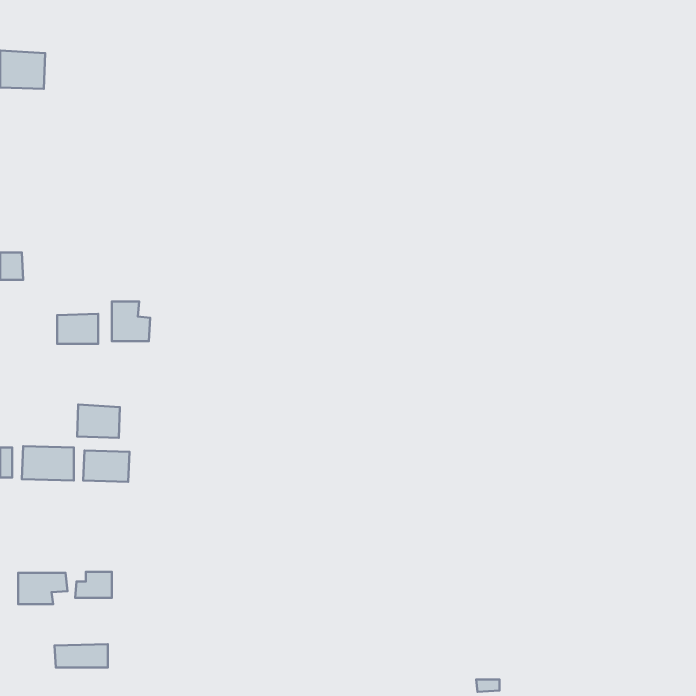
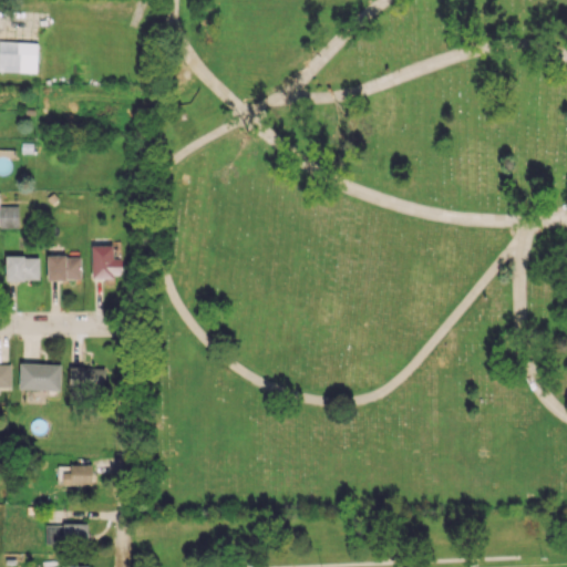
building: none -> [6,257,40,280]
building: [77,404,120,438] -> none
building: [18,573,67,604] -> none

